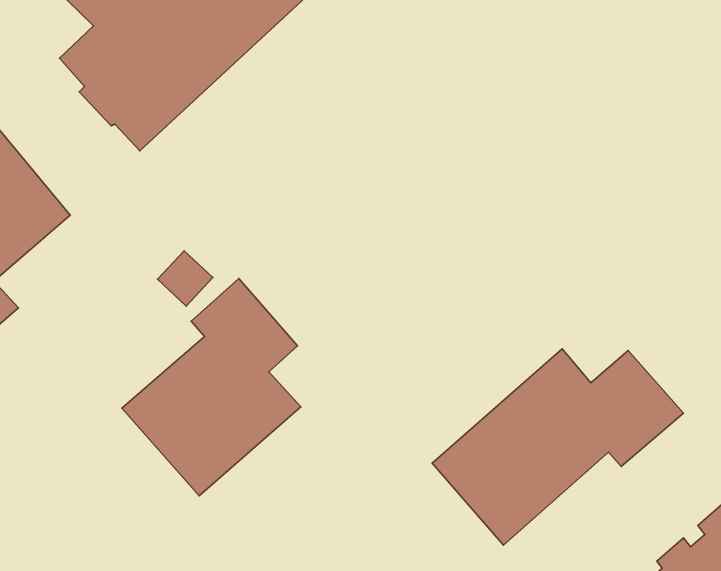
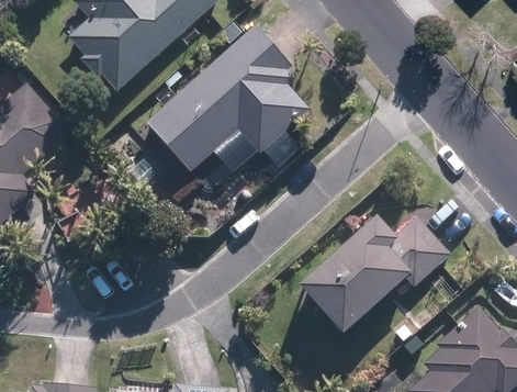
building: none -> [144,23,308,173]
building: [122,278,301,496] -> none

